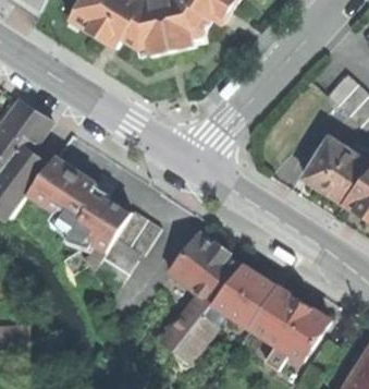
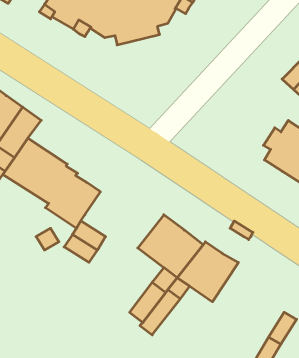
building: [115,209,160,254] -> none
building: [249,285,329,361] -> none

